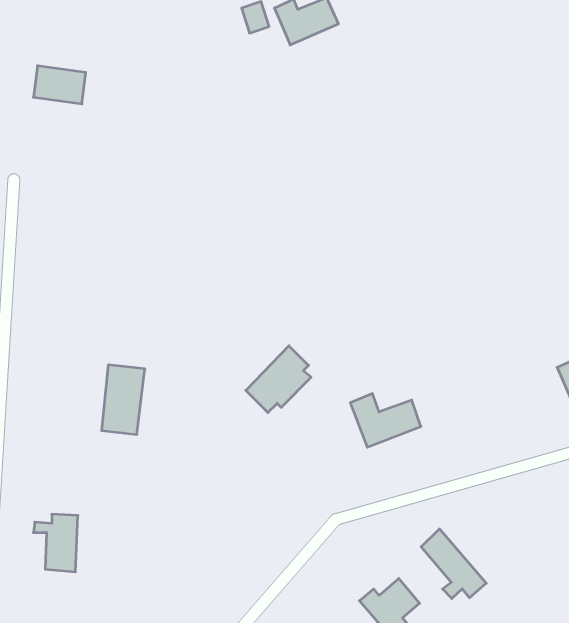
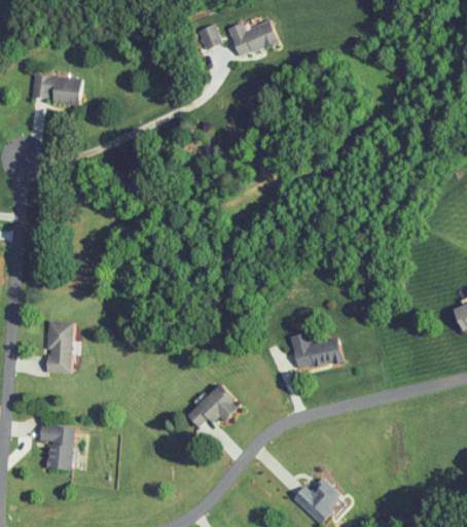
building: [246,346,311,413] -> [185,381,237,433]
building: [102,365,145,434] -> [44,319,78,374]
building: [421,529,486,599] -> none

